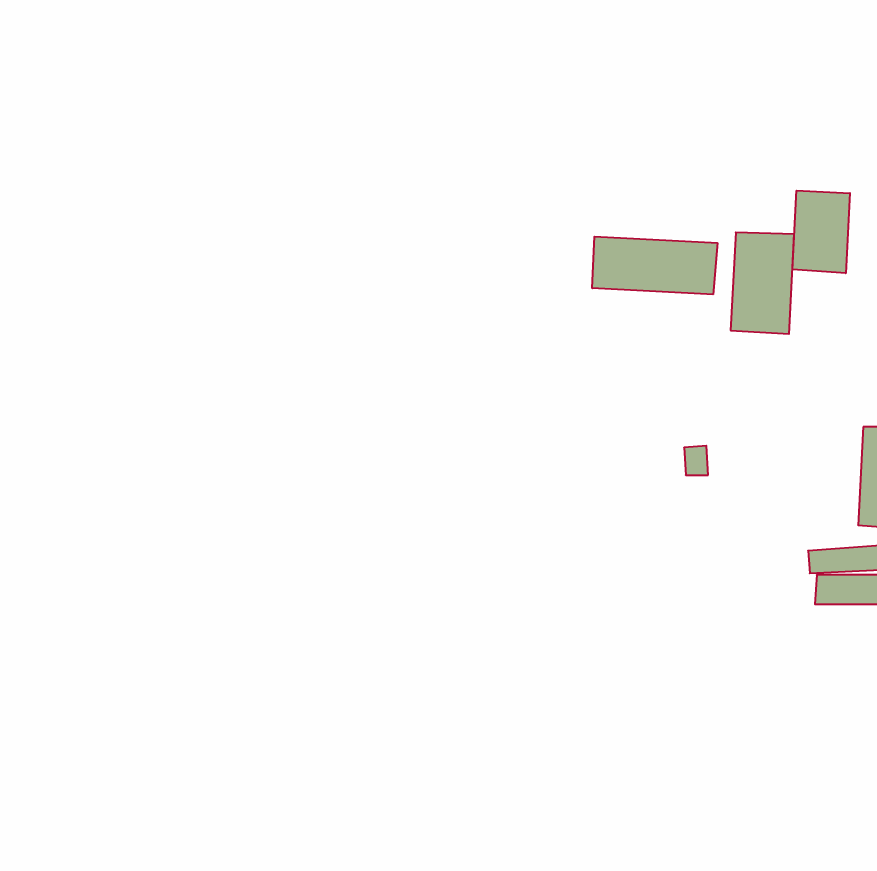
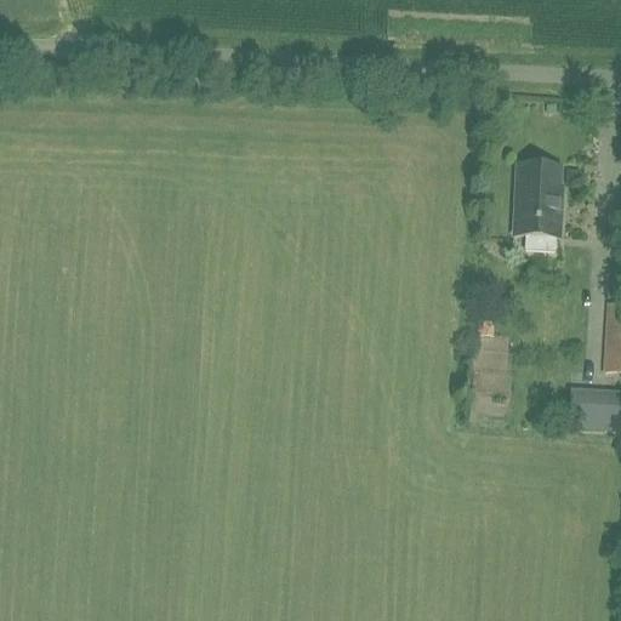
building: [793,191,850,273] -> none
building: [592,237,717,294] -> none

